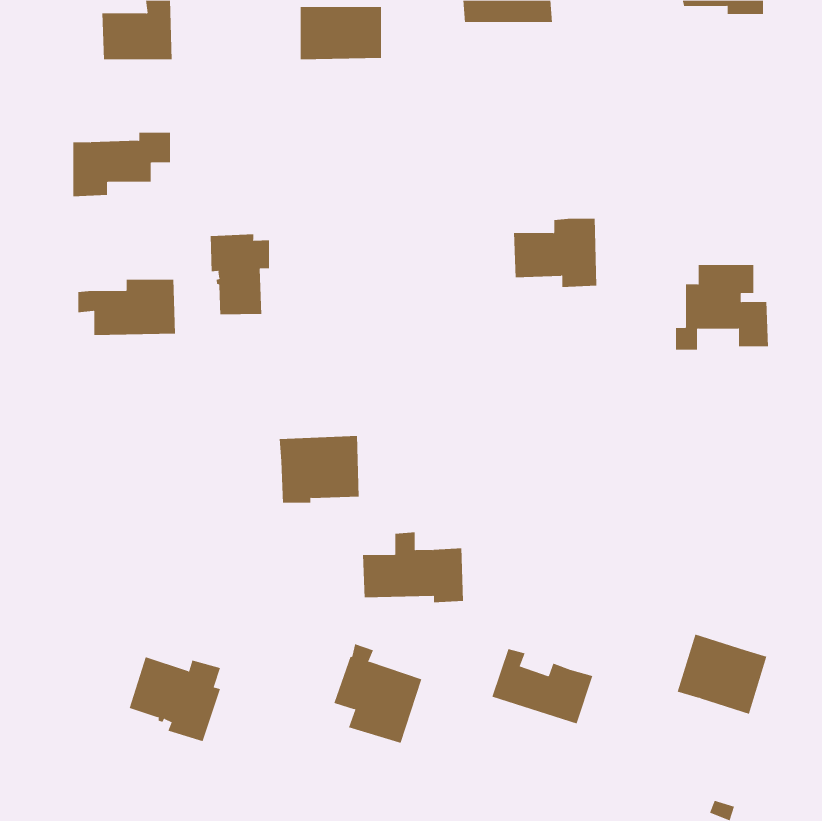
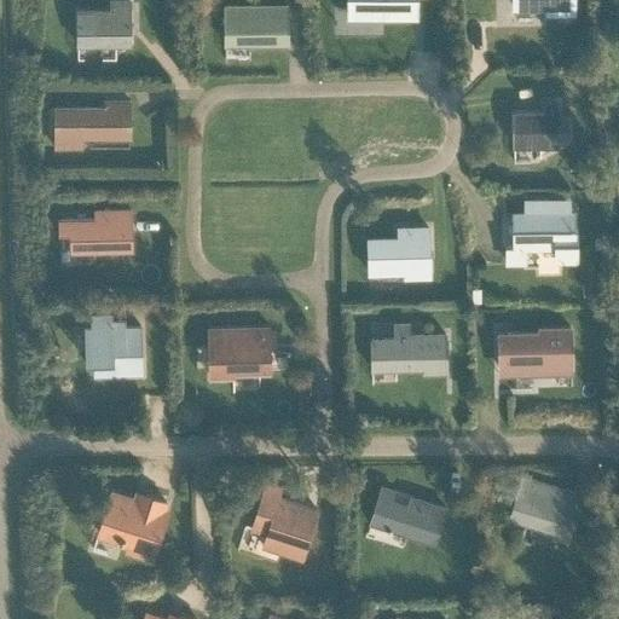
building: none -> [514,104,568,149]
building: [513,218,597,287] -> [369,230,432,282]
building: [210,234,270,315] -> none
building: none -> [86,316,143,376]
building: none -> [499,330,572,376]
building: [362,532,464,603] -> [371,323,447,376]

